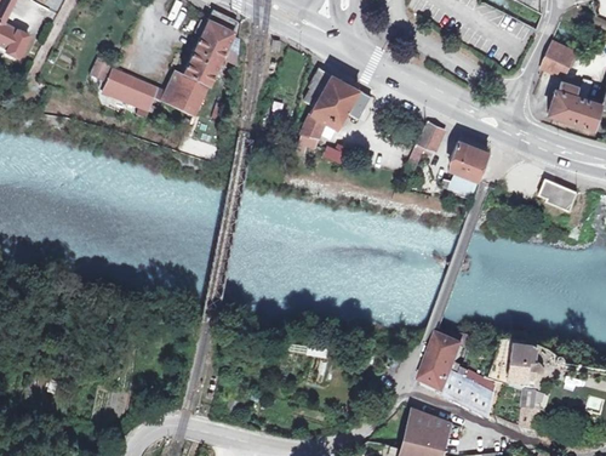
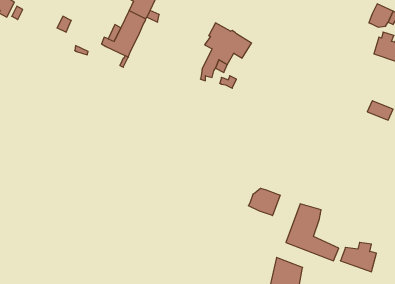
building: [103,69,158,112] -> none
building: [402,121,444,176] -> none
building: [444,141,488,196] -> none
building: none -> [248,188,280,216]
building: [505,338,553,378] -> none

